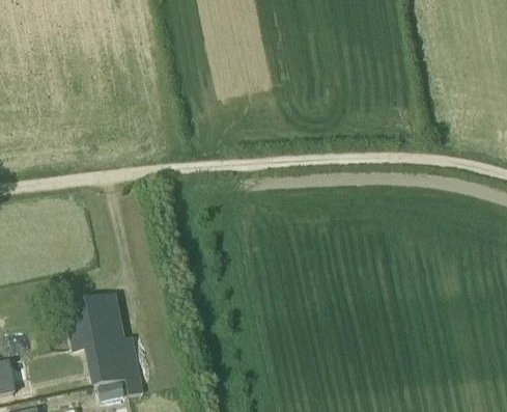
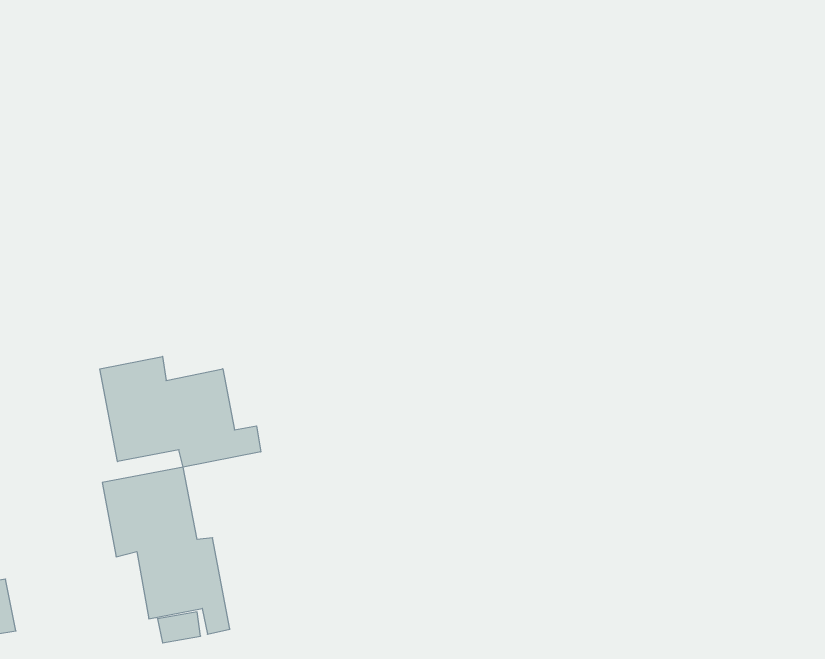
building: none -> [100,356,261,467]

